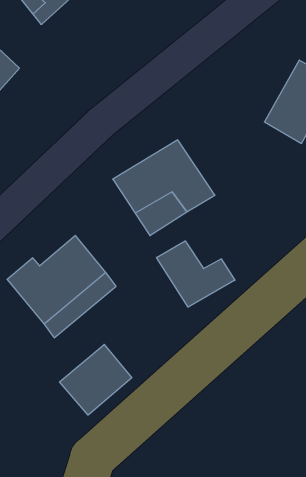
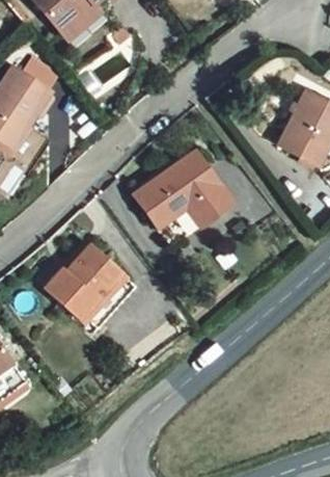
building: [157,241,235,307] -> none
building: [60,344,132,415] -> none

